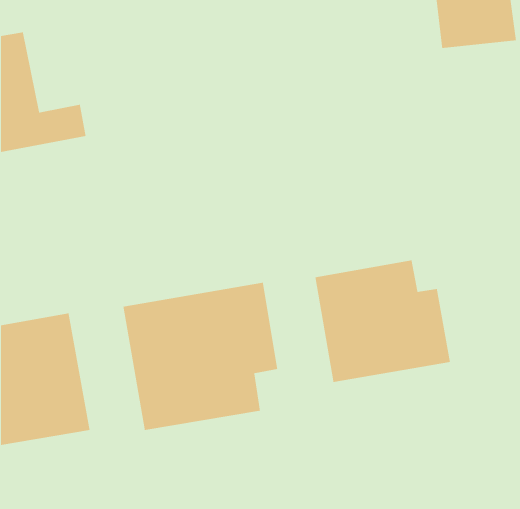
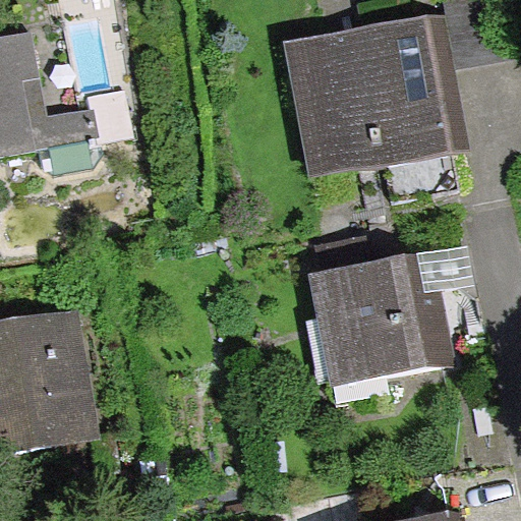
building: none -> [287,18,456,173]
building: [123,282,278,431] -> none

